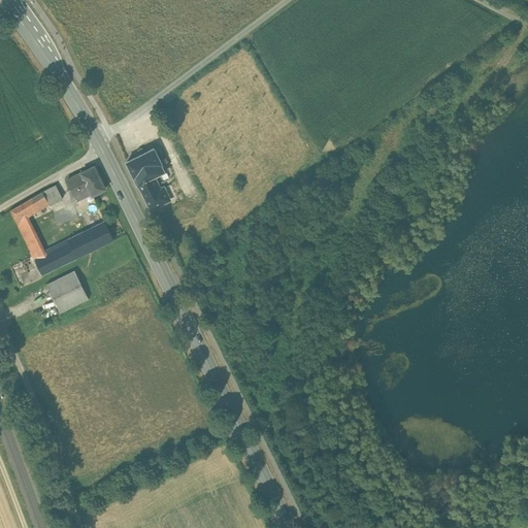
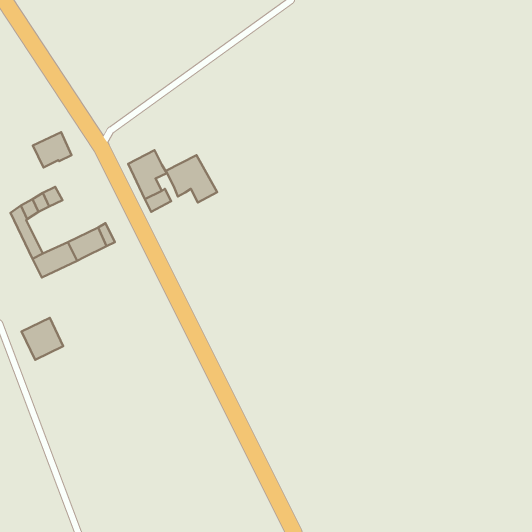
building: none -> [166,155,217,202]
building: [66,167,104,202] -> [33,132,72,168]
building: [46,271,88,312] -> [22,318,63,360]

